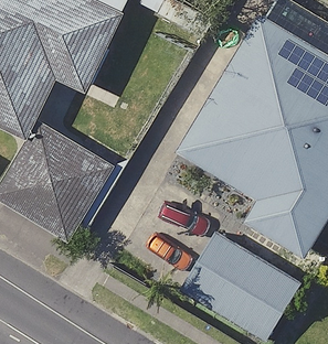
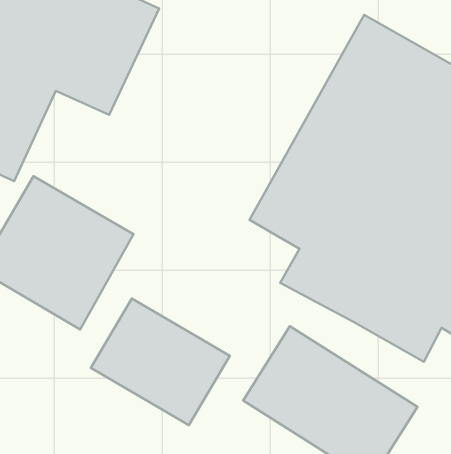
building: none -> [91,298,230,425]

